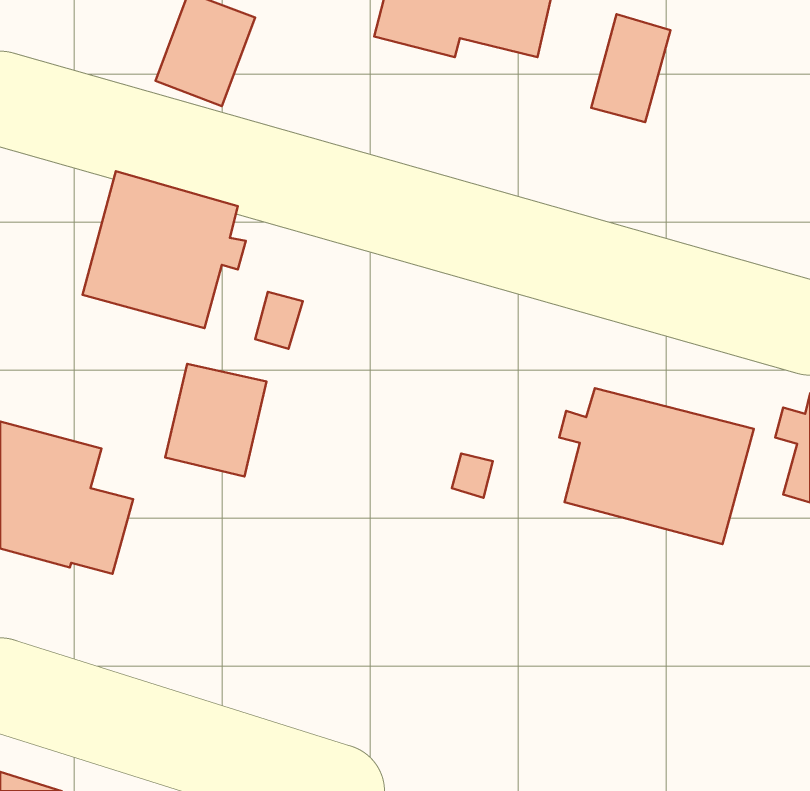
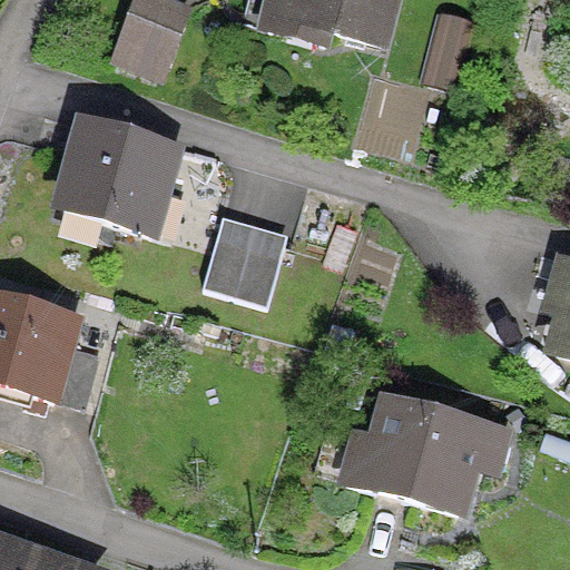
building: [165,364,267,477] -> [215,224,286,303]
building: [559,388,754,544] -> none
building: none -> [341,397,498,511]

